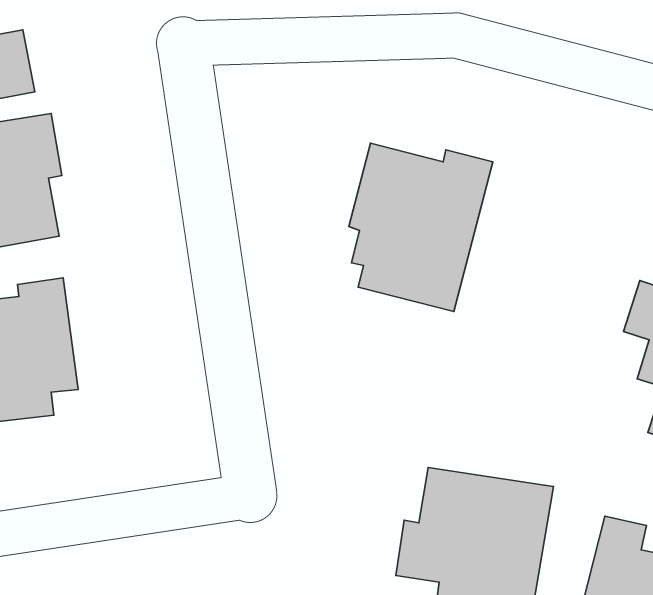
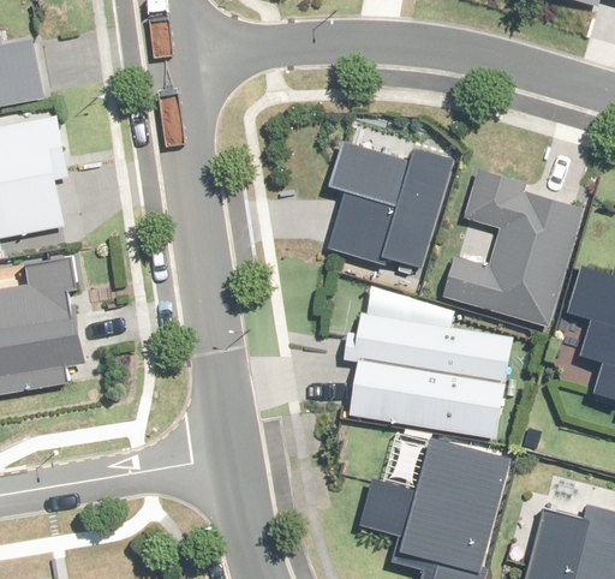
building: none -> [443,175,583,327]
building: none -> [345,311,515,438]

